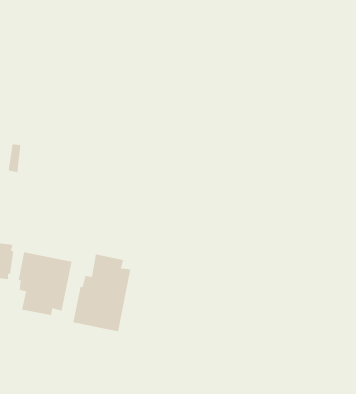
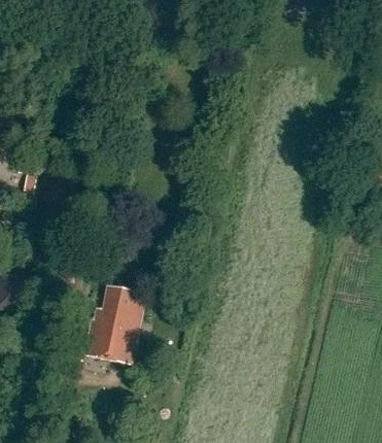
building: [18,251,72,316] -> none

